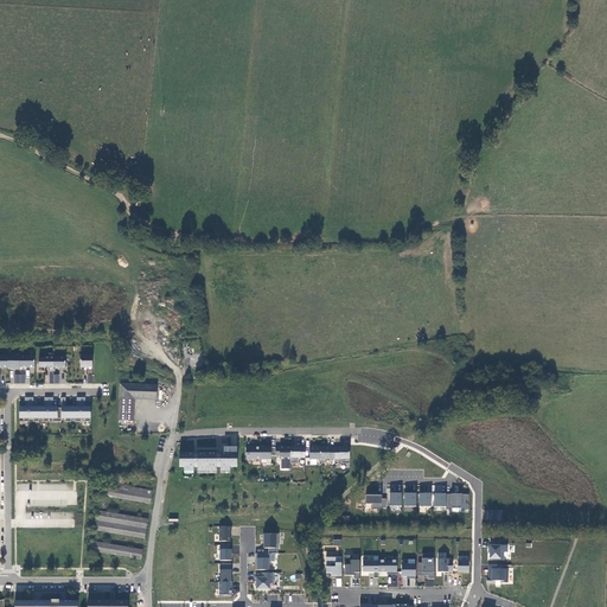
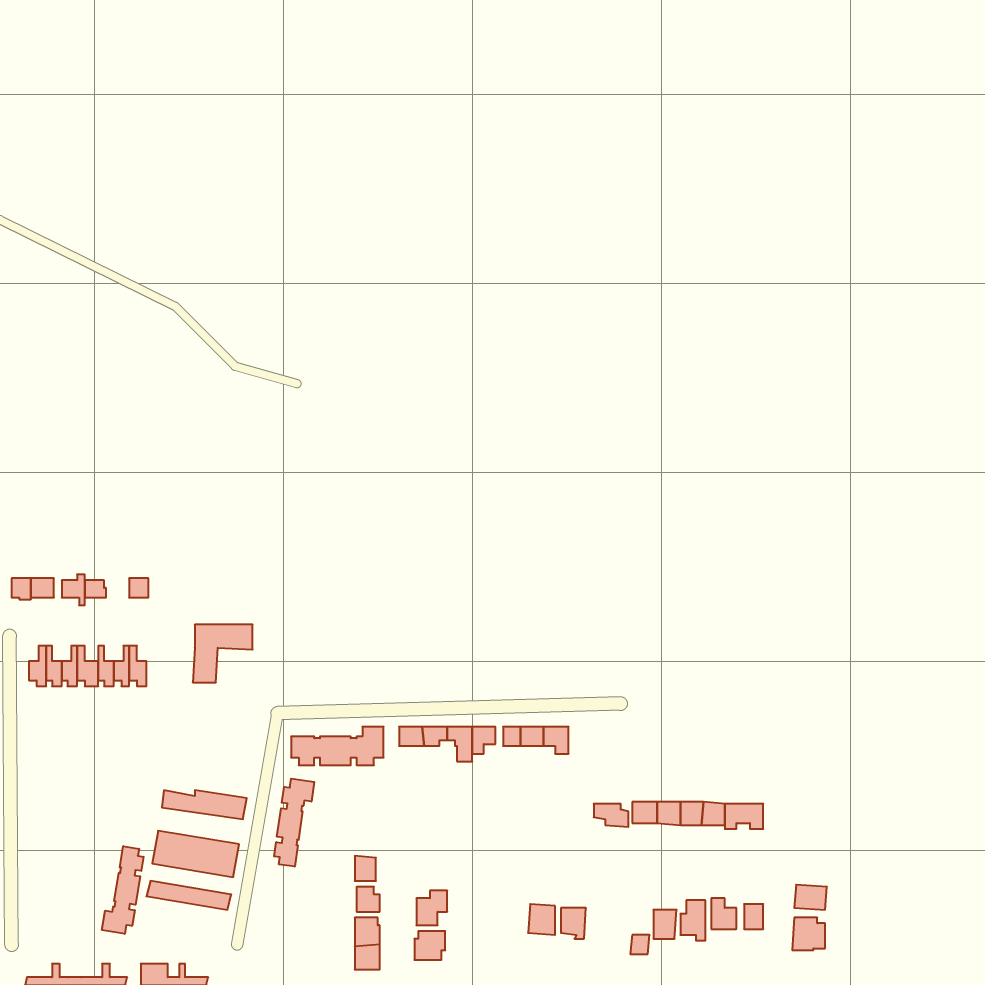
building: none -> [274,779,314,867]
building: none -> [102,846,144,934]
building: [363,556,397,576] -> none

